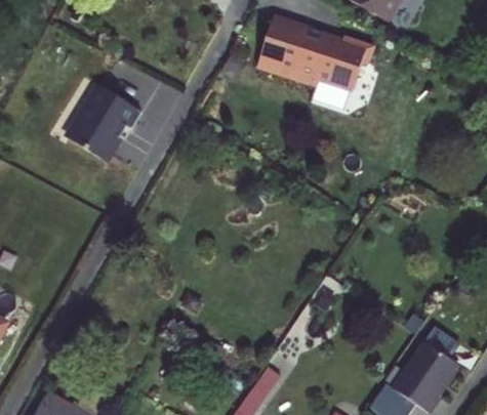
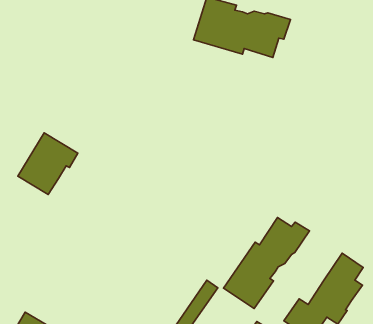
building: [72,76,145,151] -> [18,133,78,195]
building: none -> [223,217,309,308]

